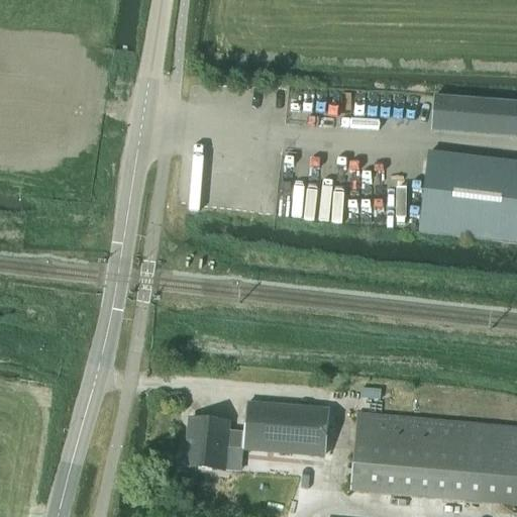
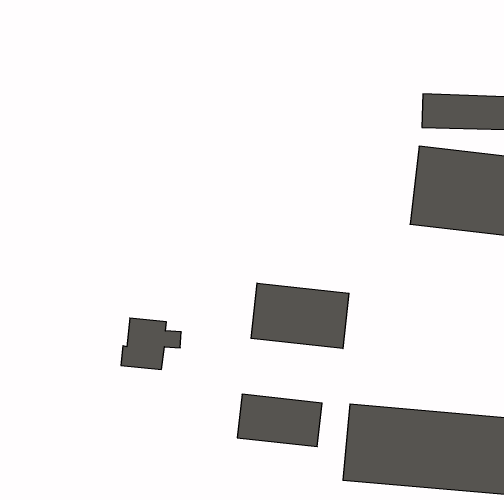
building: none -> [251,283,349,349]
building: [183,417,244,470] -> [121,318,181,369]

